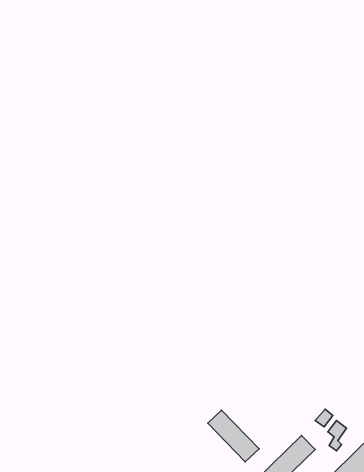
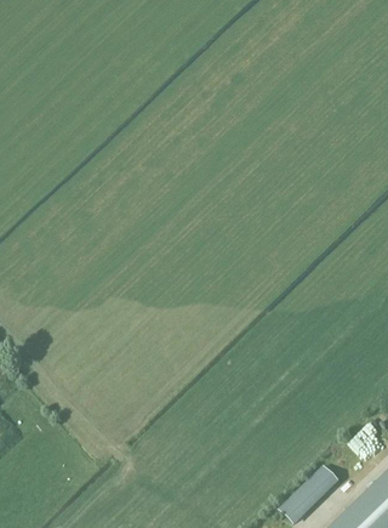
building: [208,410,259,462] -> none

